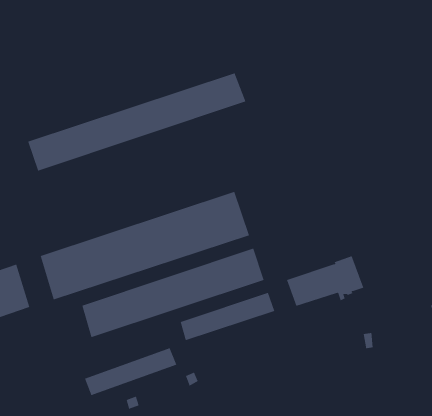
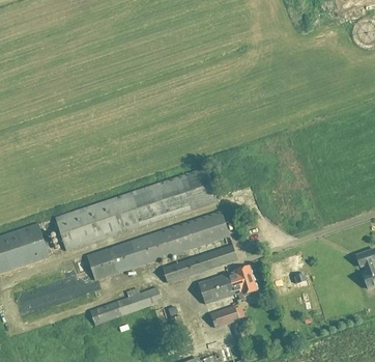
building: [28,72,246,172] -> none
building: [286,255,364,307] -> [198,263,258,303]
building: none -> [210,304,239,328]

